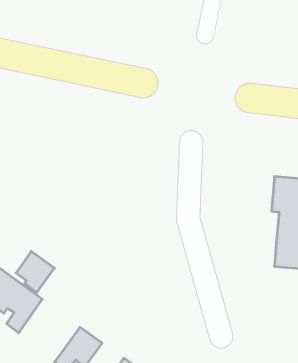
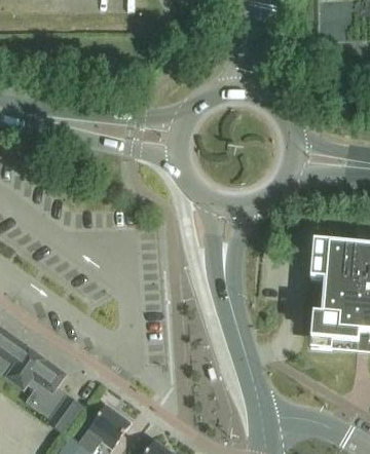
building: [16,251,55,293] -> [38,387,80,432]

